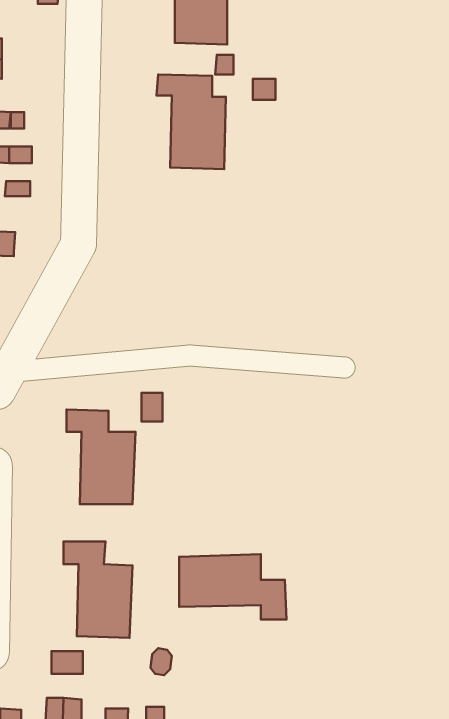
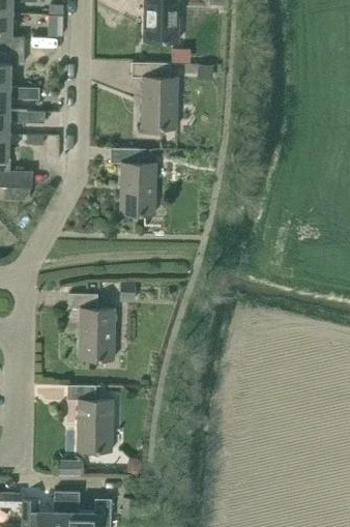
building: none -> [109,148,156,214]
building: [179,554,286,620] -> none

